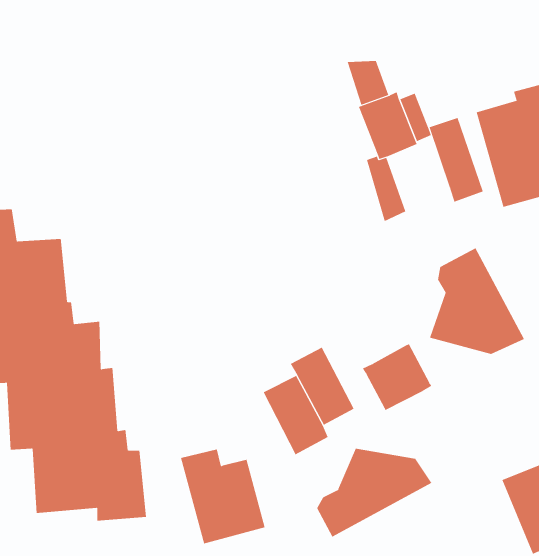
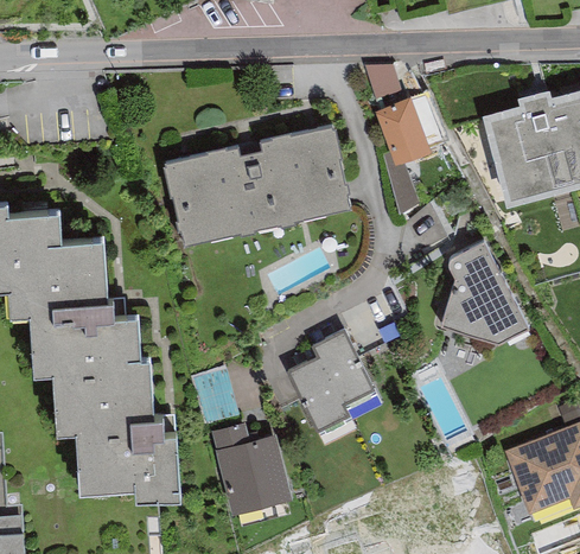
building: [429,117,484,202] -> none
building: none -> [161,126,350,244]
building: [362,343,432,411] -> none
building: [316,448,432,537] -> none

